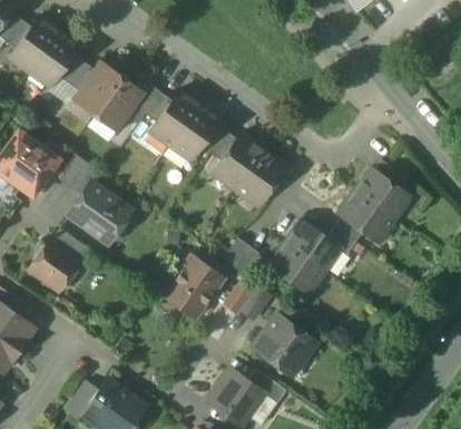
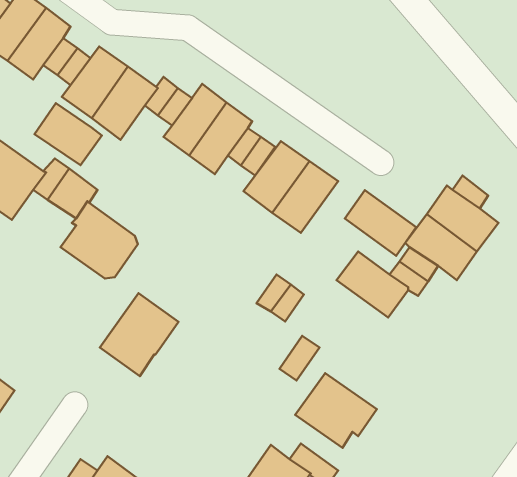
building: none -> [34,103,102,165]
building: [28,243,78,291] -> none
building: [268,243,324,294] -> [345,190,416,256]
building: [163,255,224,320] -> [100,293,179,376]

